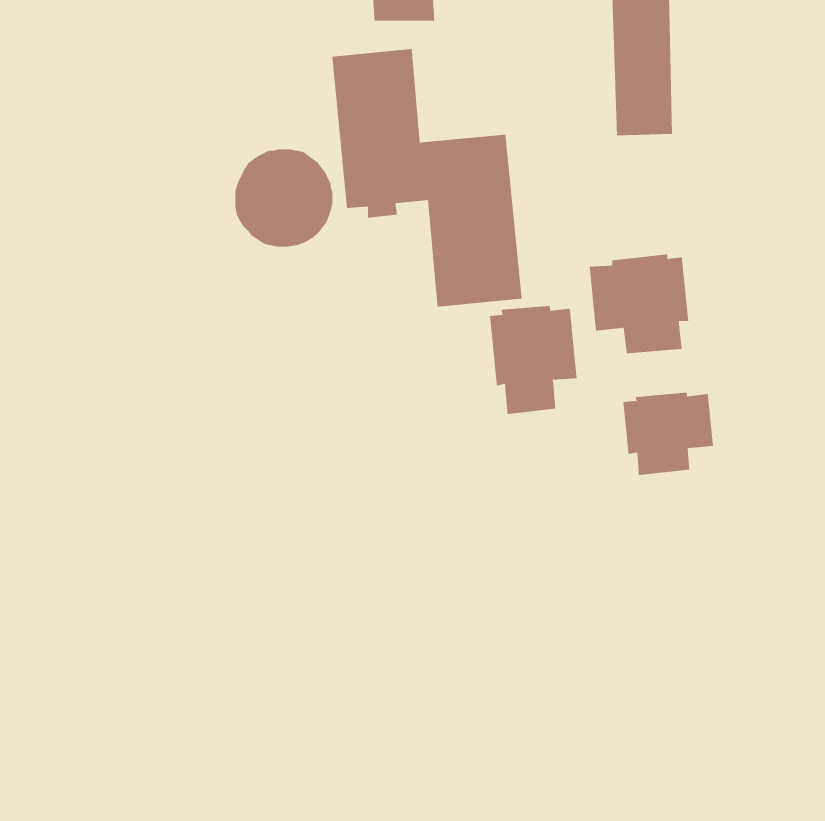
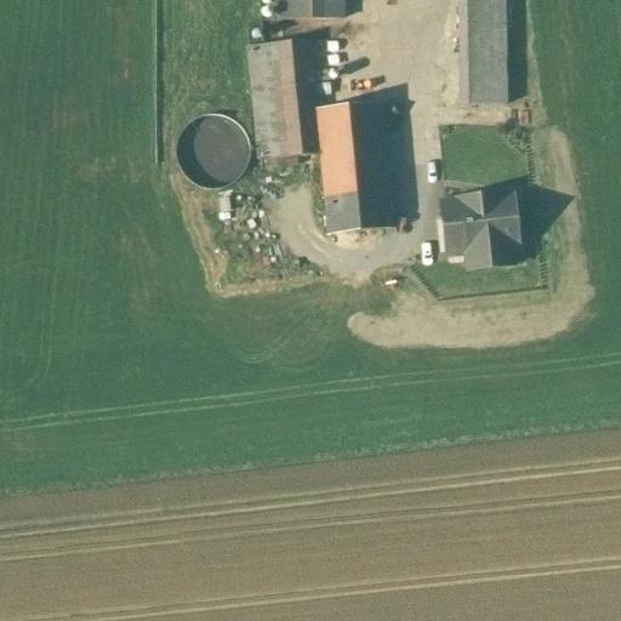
building: [489,305,577,415] -> none
building: [623,392,713,476] -> none

